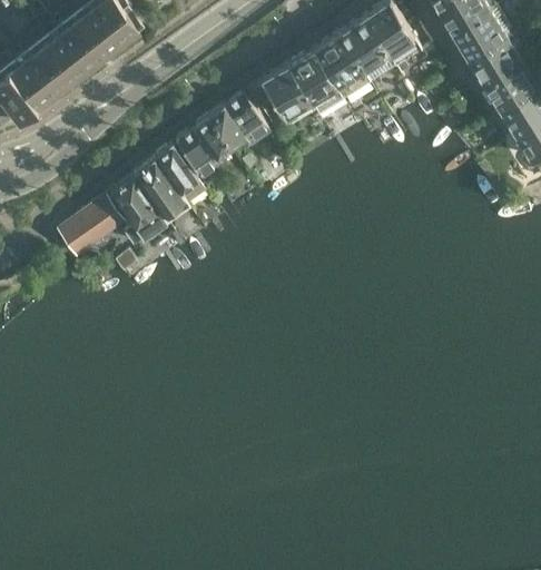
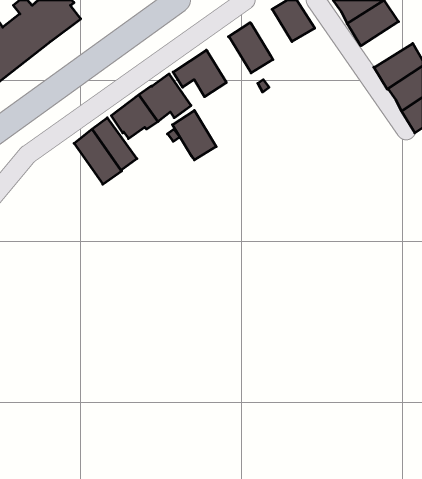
building: [338,20,386,72] -> none
building: [468,33,528,87] -> none
building: [287,51,338,109] -> [172,110,216,160]
building: [108,176,165,247] -> none
building: [56,198,121,257] -> none

